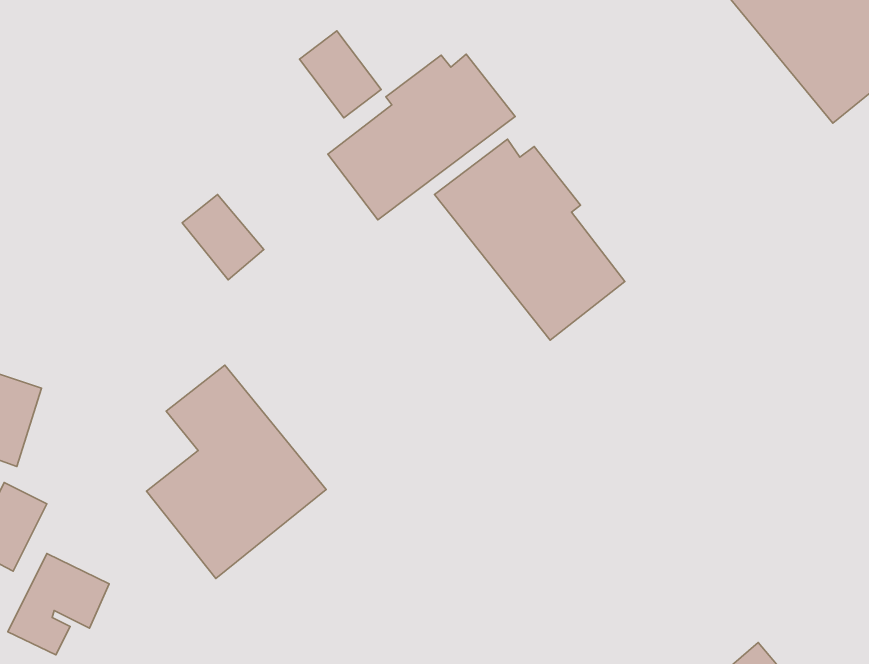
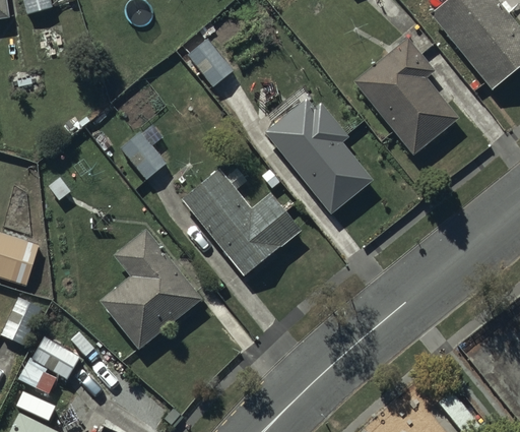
building: none -> [354,38,459,156]
building: [328,54,515,220] -> none
building: none -> [182,171,300,275]

